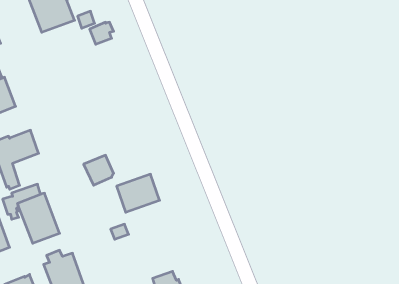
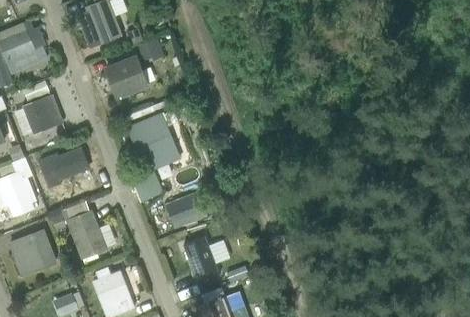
building: none -> [102,55,148,101]
building: none -> [124,101,179,169]
building: none -> [182,236,220,284]

